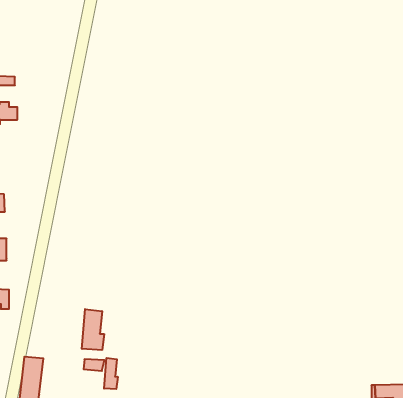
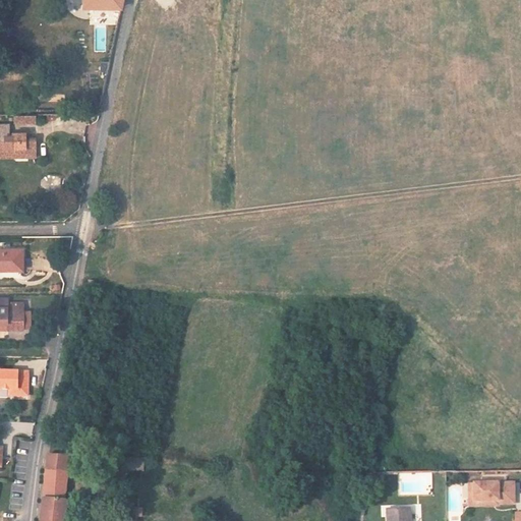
building: [82,309,104,350] -> none
building: [104,358,118,389] -> none

